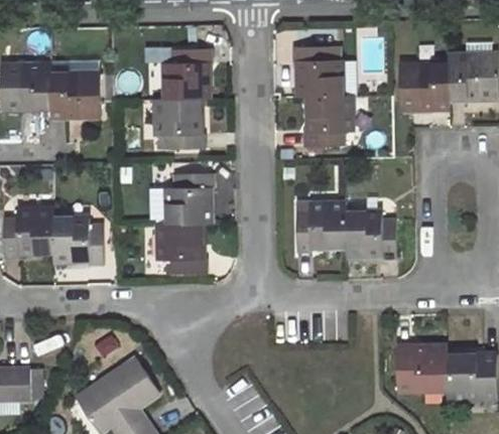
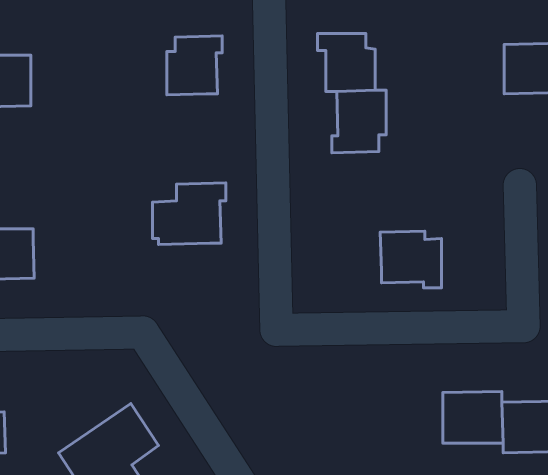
building: [399,66,449,108] -> none
building: [51,74,101,118] -> none
building: [156,98,206,149] -> none
building: [295,203,345,253] -> none
building: [53,219,103,265] -> none
building: [158,223,208,274] -> none

